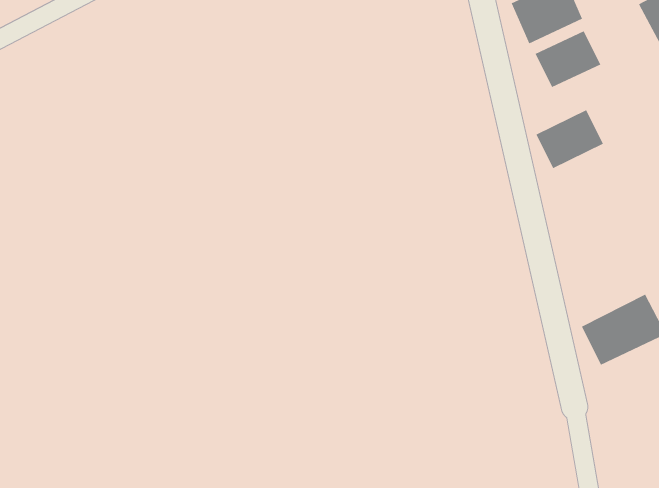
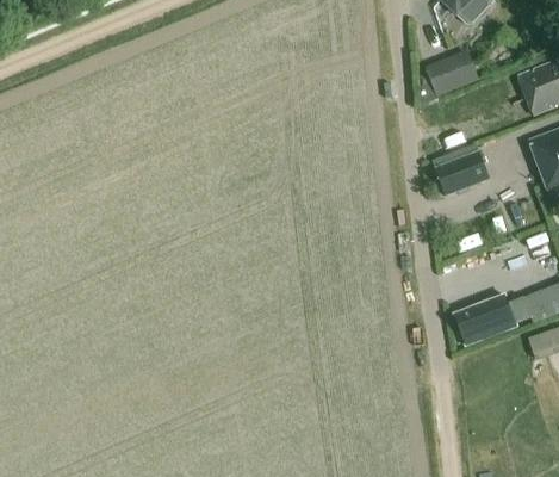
building: [535,30,601,88] -> none

